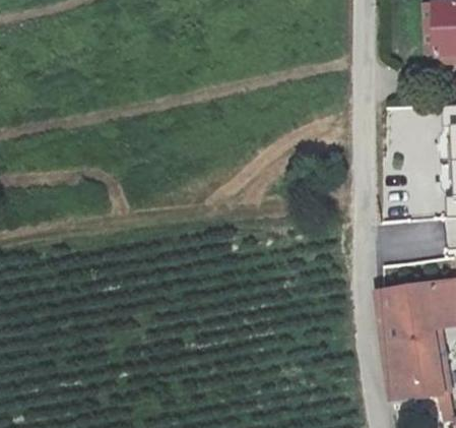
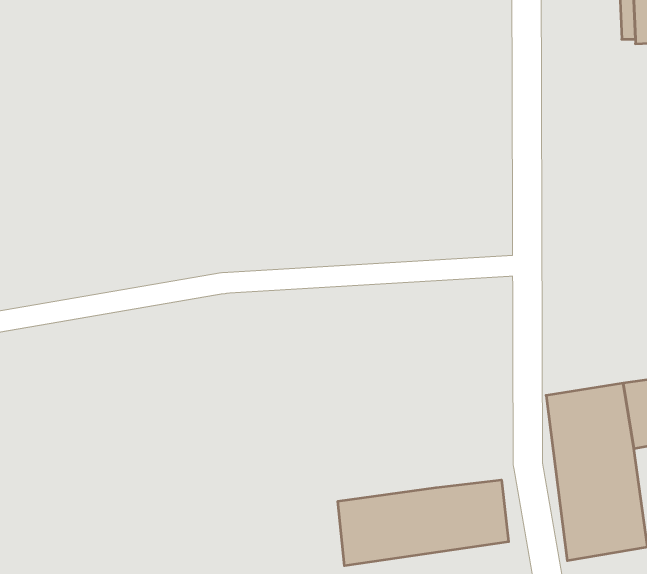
building: none -> [338,480,509,566]

